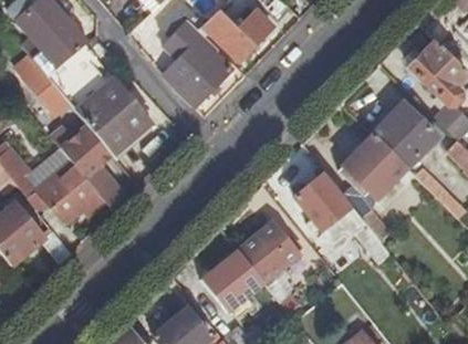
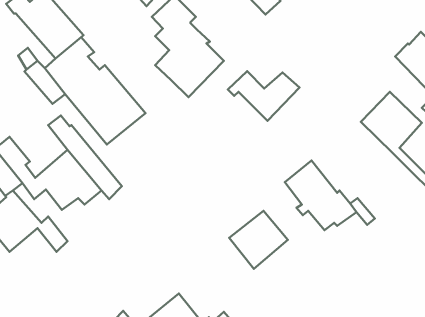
building: [198,11,272,62] -> [228,71,299,121]
building: [341,132,407,196] -> none
building: [204,251,263,311] -> none

